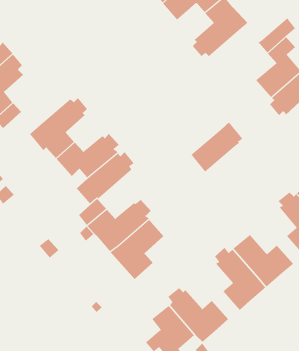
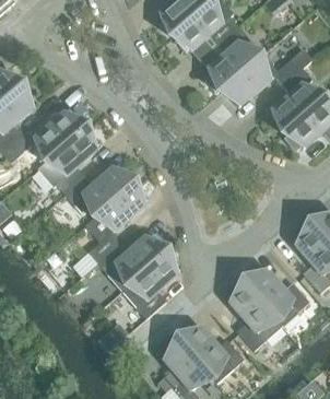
building: none -> [34,112,81,156]
building: [190,122,243,173] -> [223,51,278,104]

